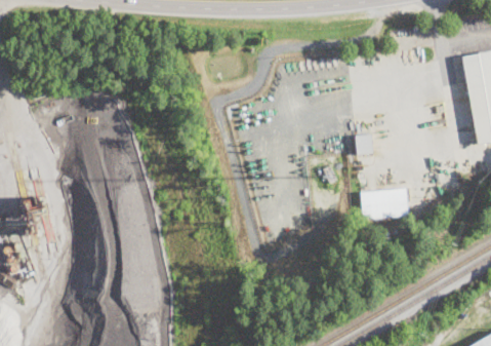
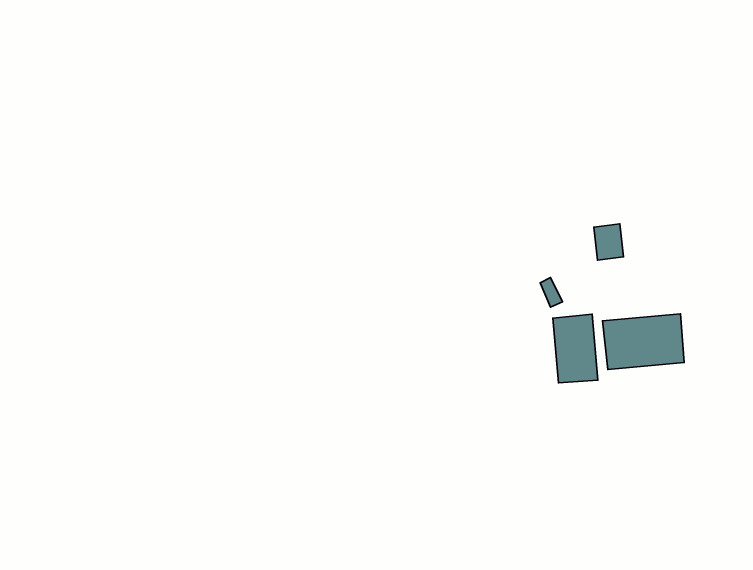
building: none -> [553,314,598,383]

